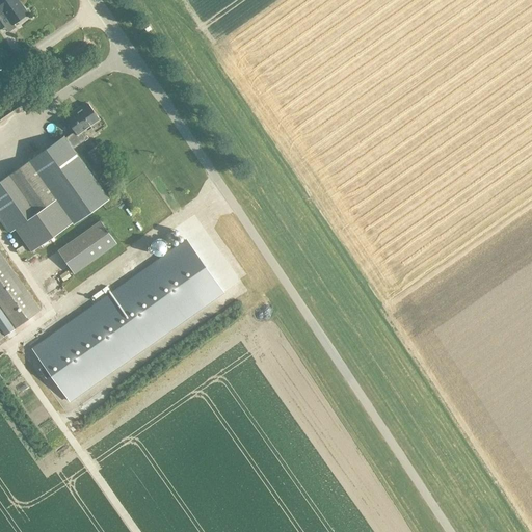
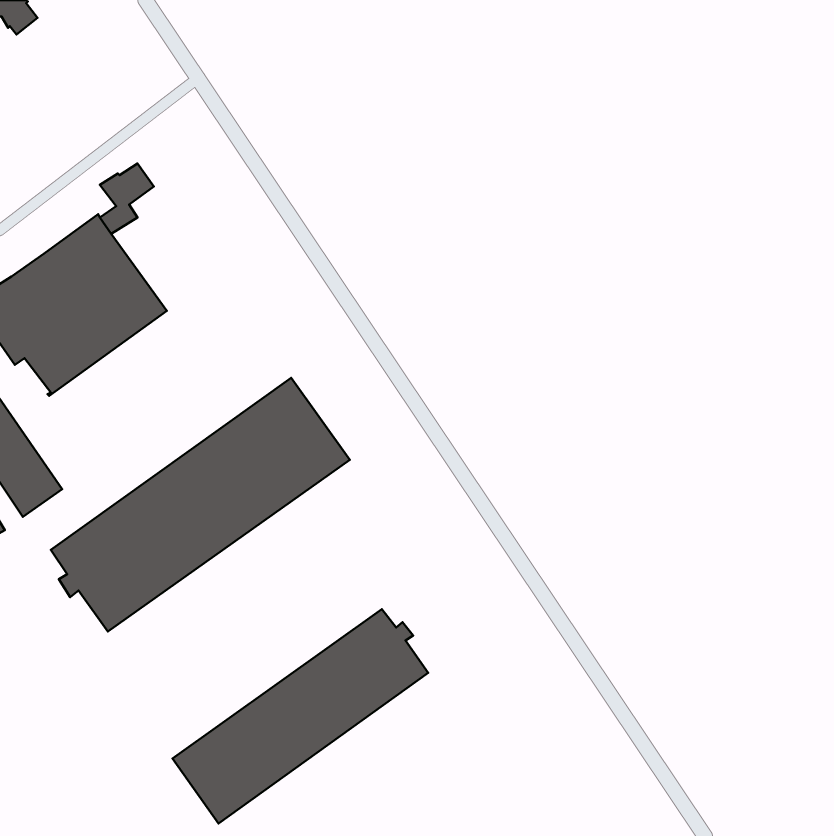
building: [57,220,115,273] -> none
building: none -> [173,609,428,824]

